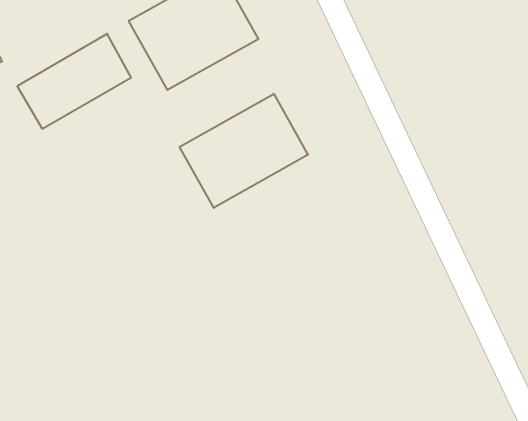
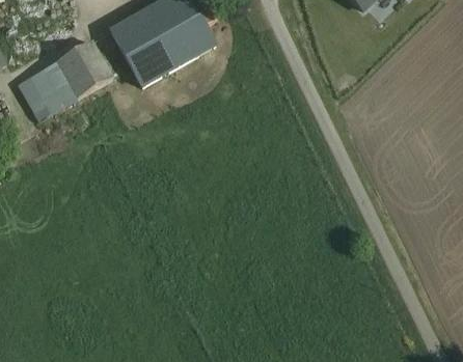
building: [180,94,308,208] -> none

